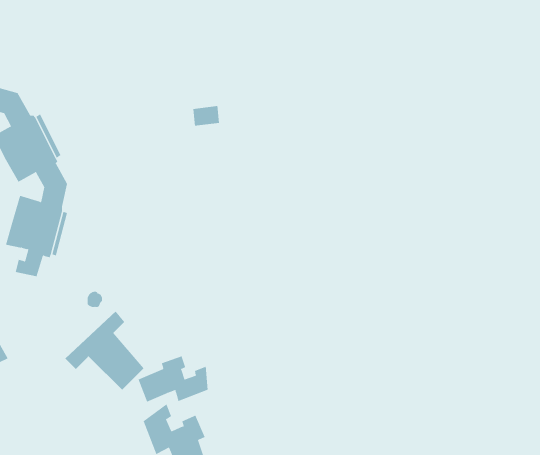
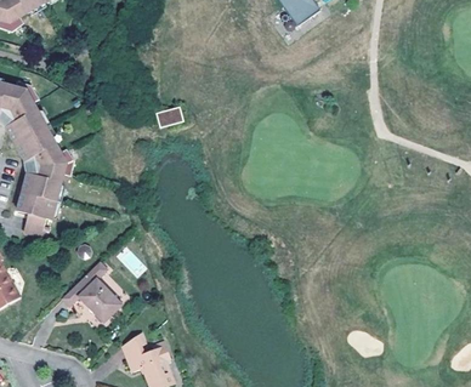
building: [138,355,208,403] -> none

